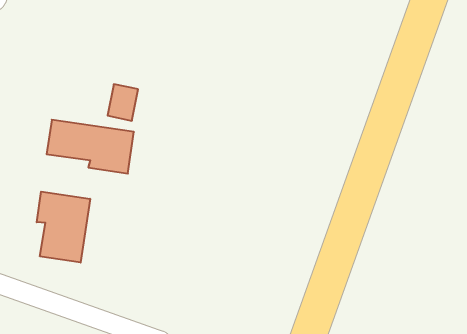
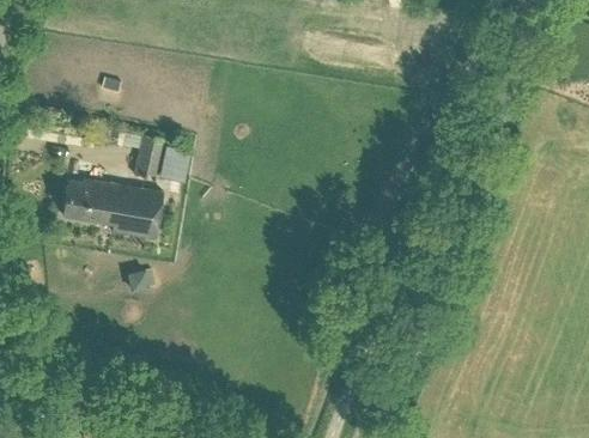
building: [37,192,90,263] -> none

